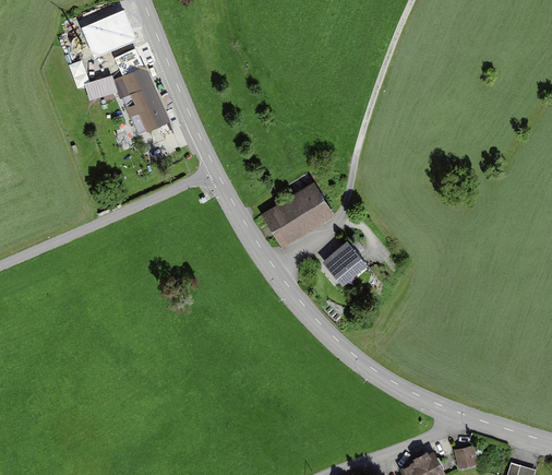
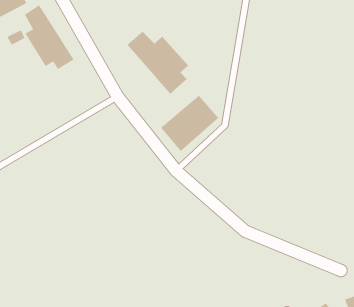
building: none -> [126,31,189,95]
building: [324,242,368,286] -> none

